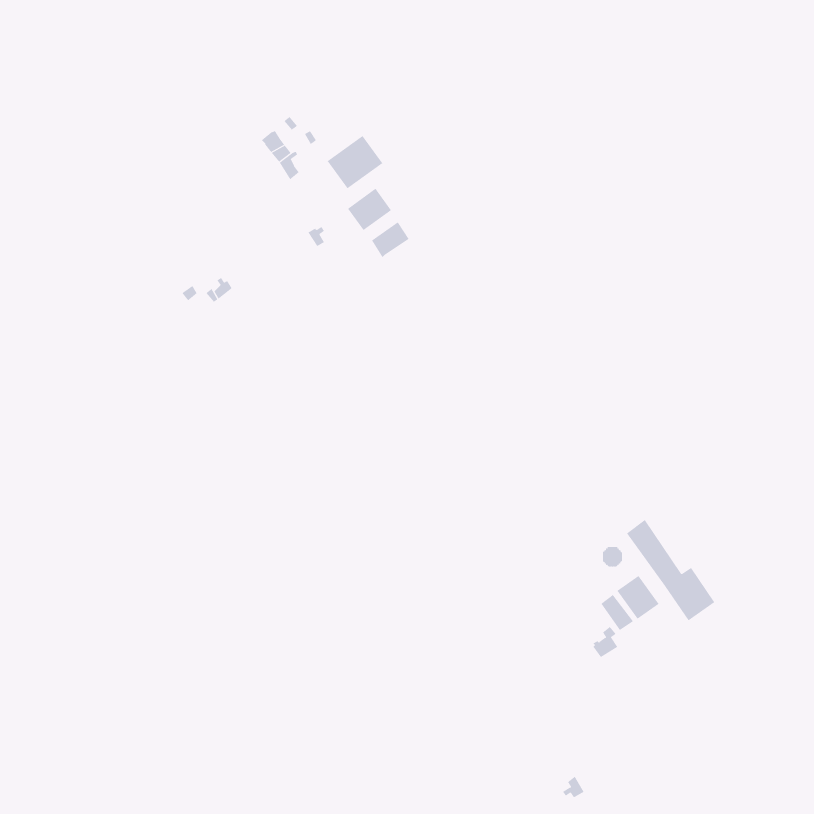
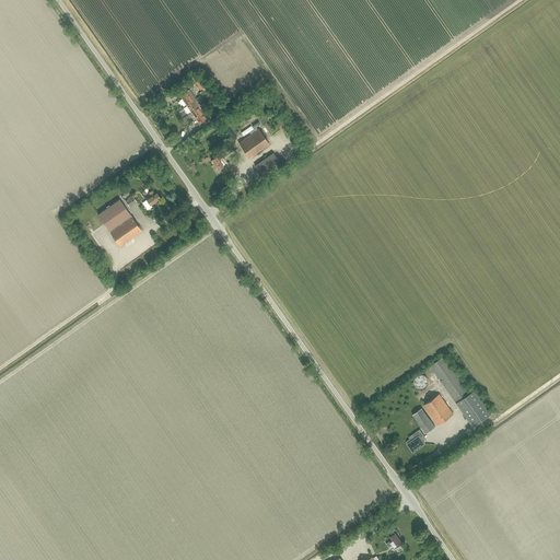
building: [327,135,383,189] -> none
building: none -> [97,199,141,246]

